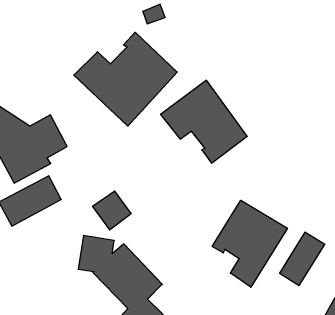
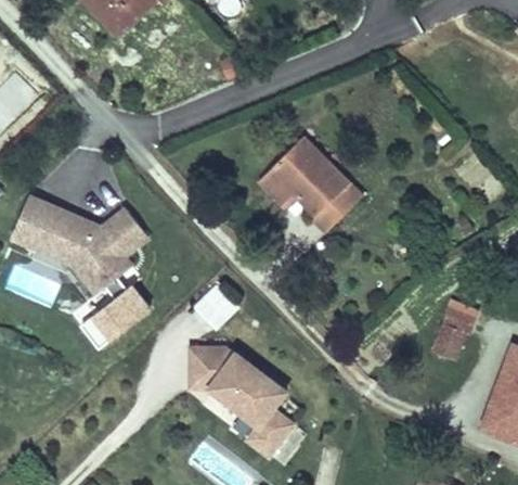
building: [74,32,177,126] -> none
building: [212,200,287,287] -> none

